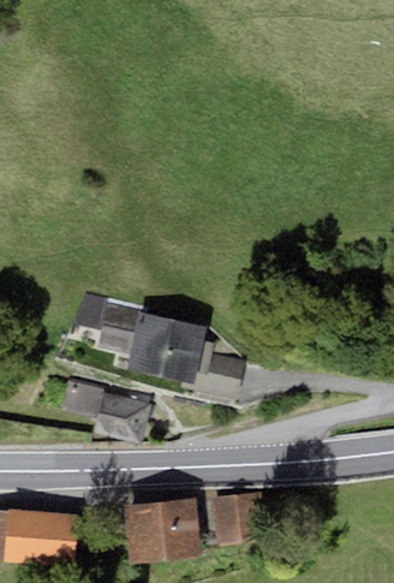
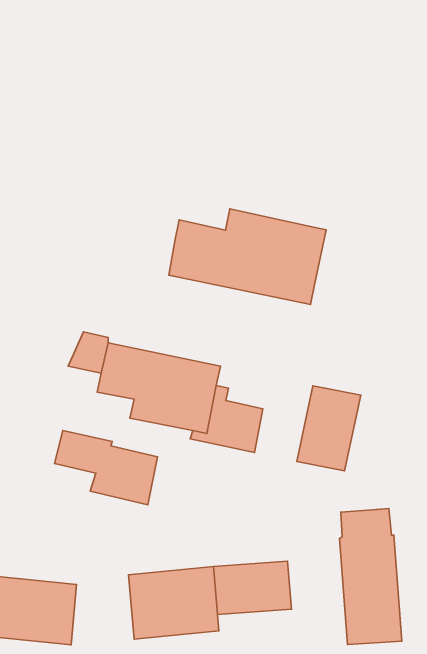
building: none -> [169,209,326,305]
building: none -> [297,386,361,471]
building: none -> [340,509,402,645]

